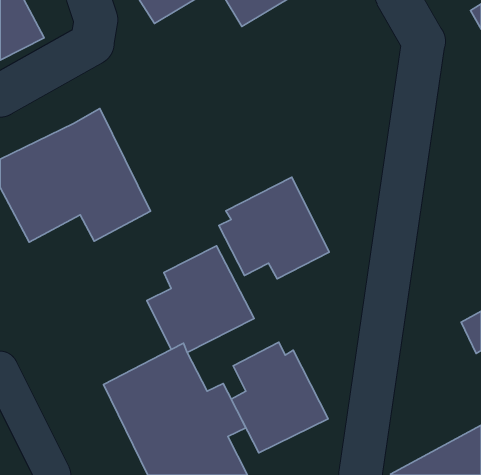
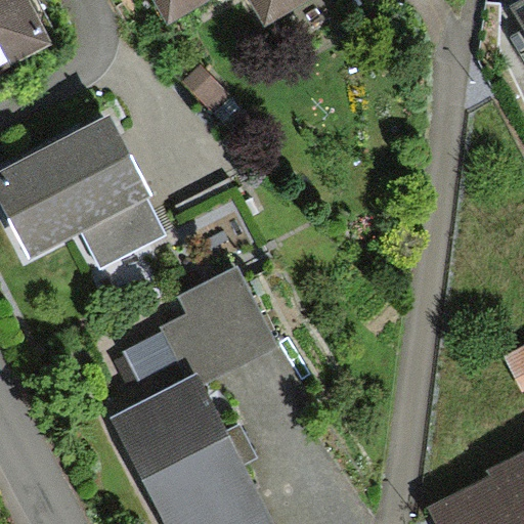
building: [219,177,329,279] -> none
building: [231,342,328,453] -> none

